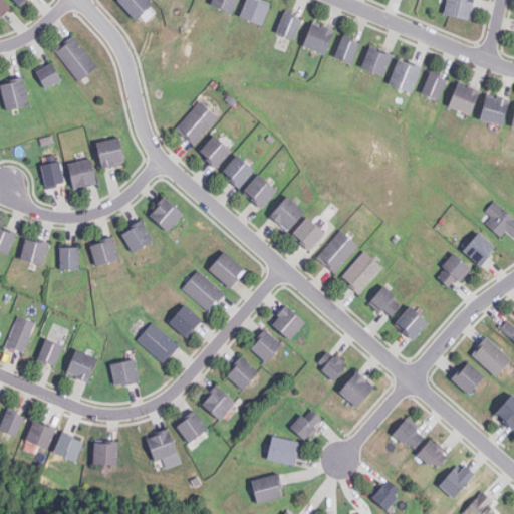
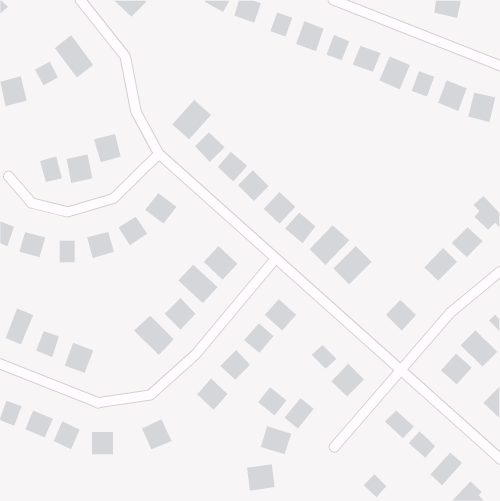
building: [369,286,402,318] -> none
building: [110,359,139,387] -> none
building: none -> [257,386,288,417]
building: [176,412,207,443] -> none

